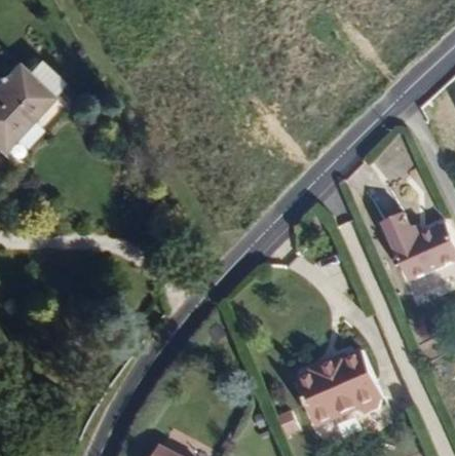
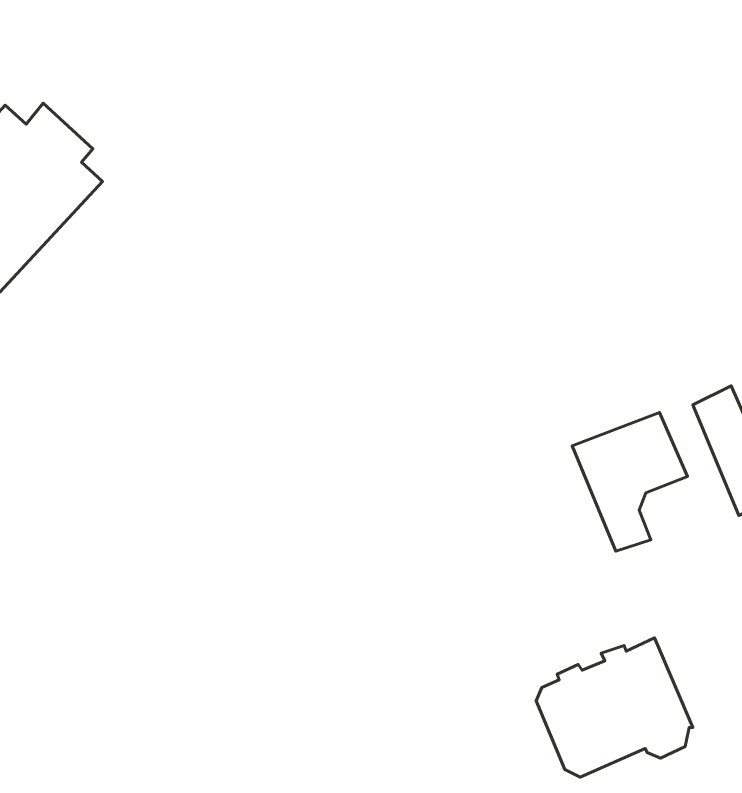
building: none -> [572,412,688,551]

